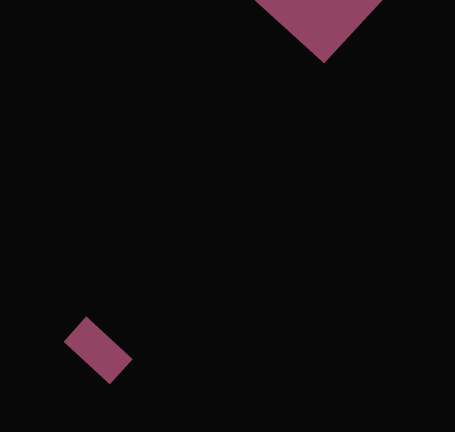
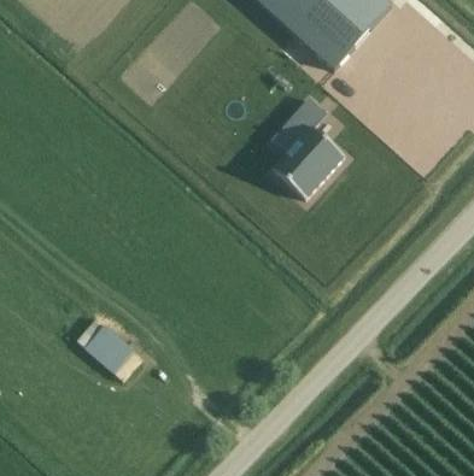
building: none -> [270,98,341,198]

